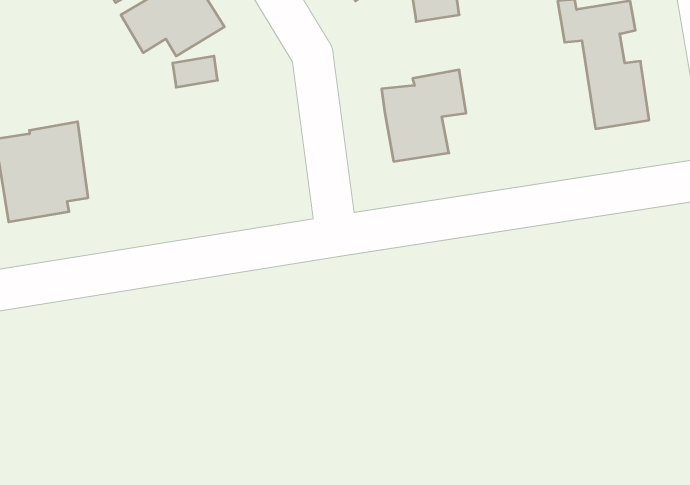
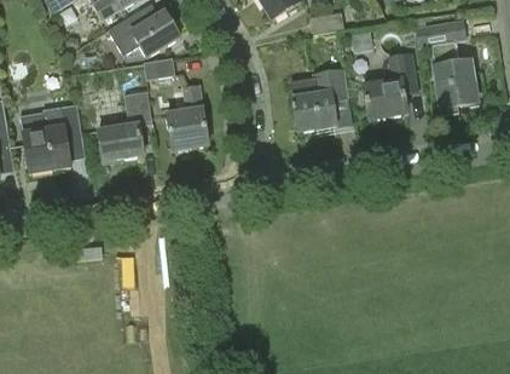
building: none -> [364,52,419,120]
building: none -> [167,86,209,151]
building: none -> [98,91,152,162]

